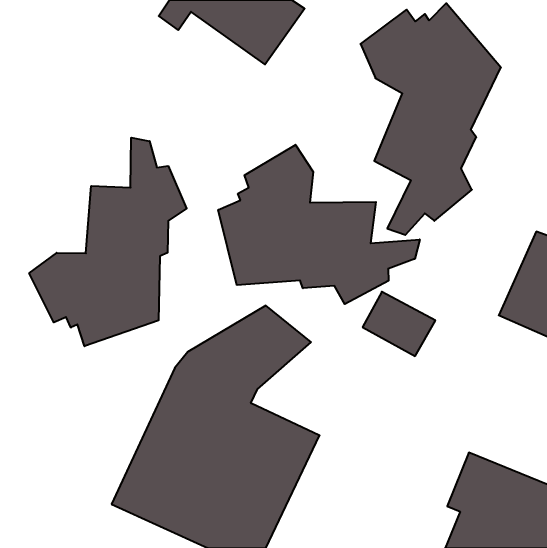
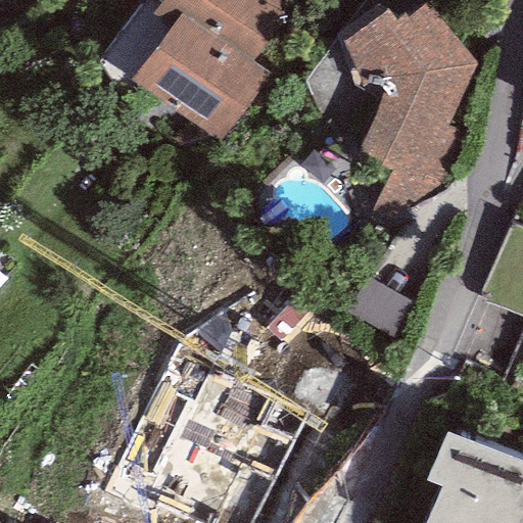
building: none -> [132,11,269,143]
building: [29,138,187,346] -> none
building: [218,145,420,304] -> none

